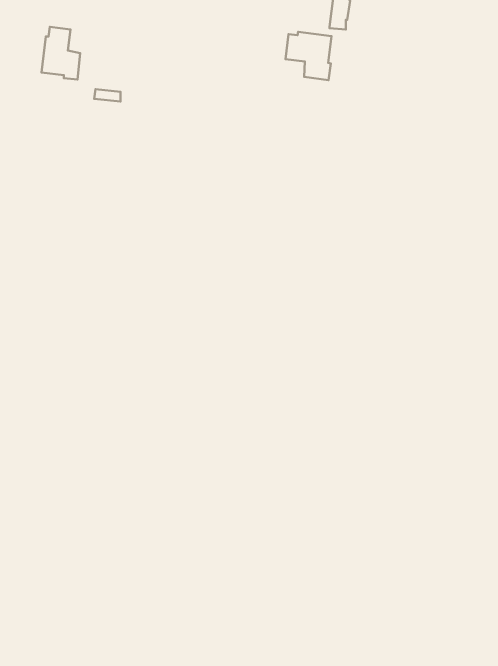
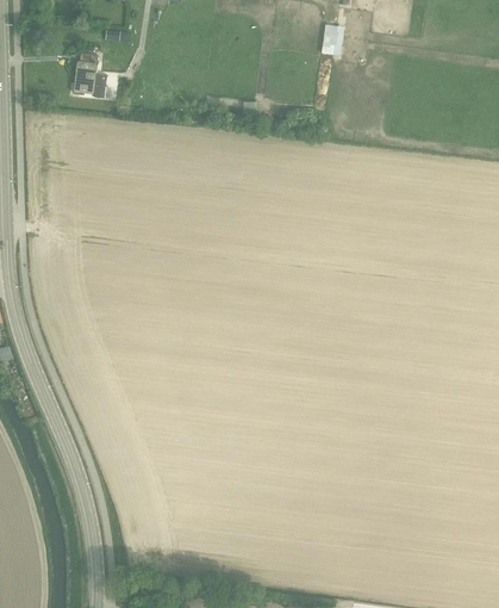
building: [286,32,332,80] -> none

